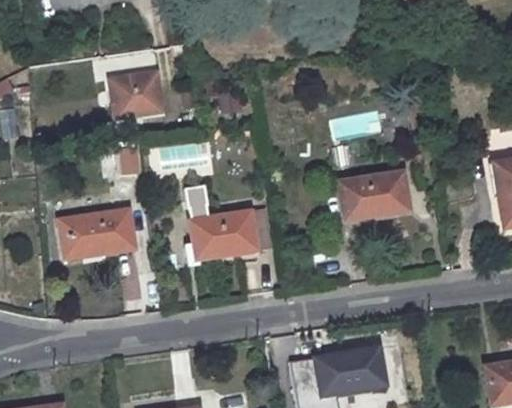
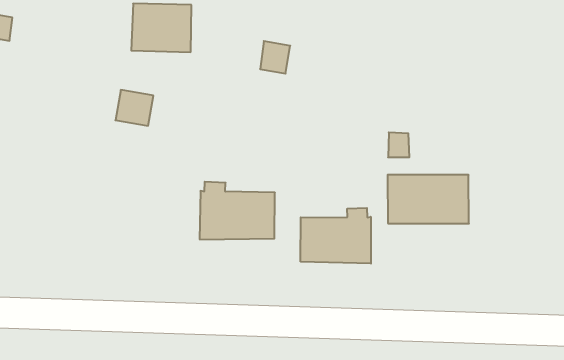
building: [59,210,134,258] -> none
building: none -> [301,208,371,264]

